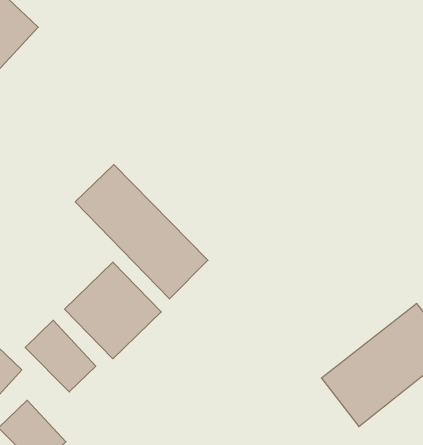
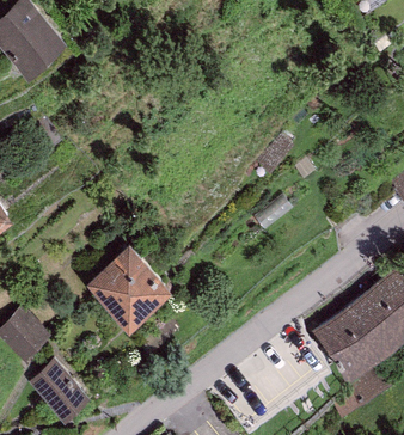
building: [75,165,208,299] -> none
building: [25,320,96,392] -> none

